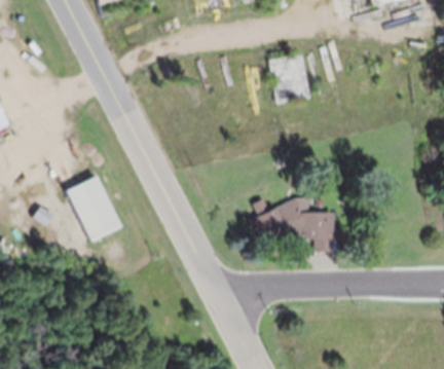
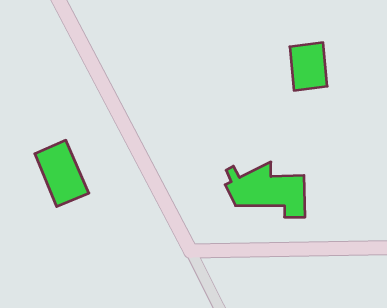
building: [271,53,308,101] -> [290,43,327,90]

